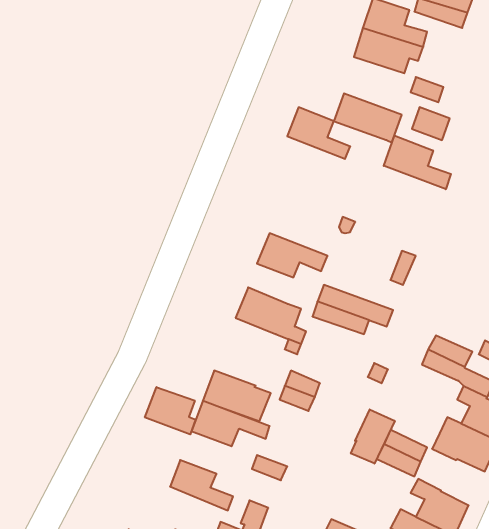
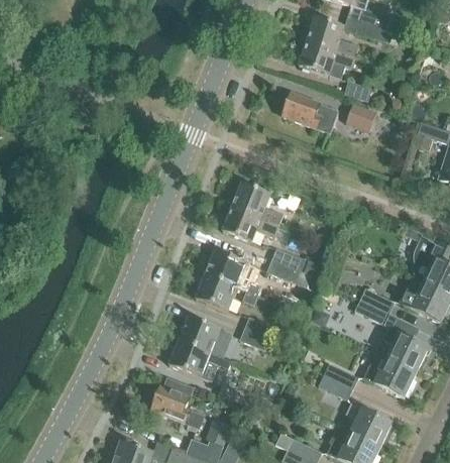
building: [287,107,350,159] -> [232,182,283,223]
building: [384,135,451,189] -> none
building: none -> [196,272,237,310]
building: [145,387,195,434] -> none
building: [351,409,395,464] -> none

